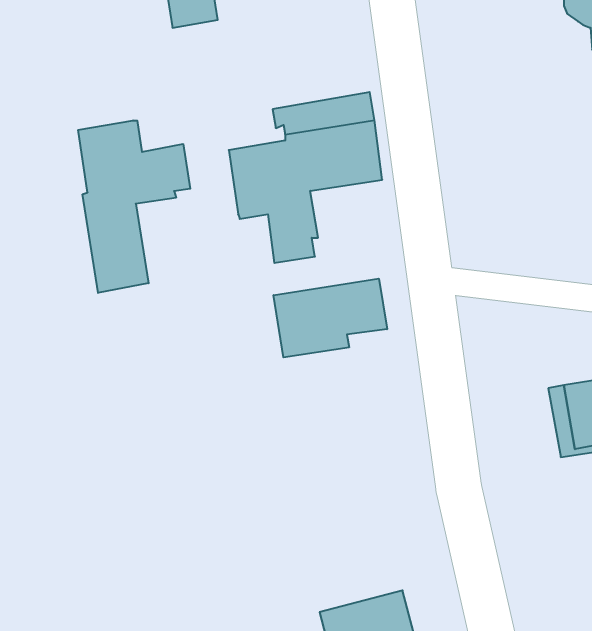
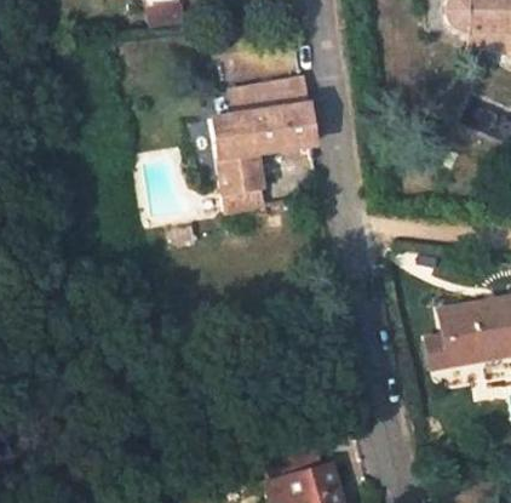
building: [78,120,190,293] -> none
building: [274,279,387,357] -> none

